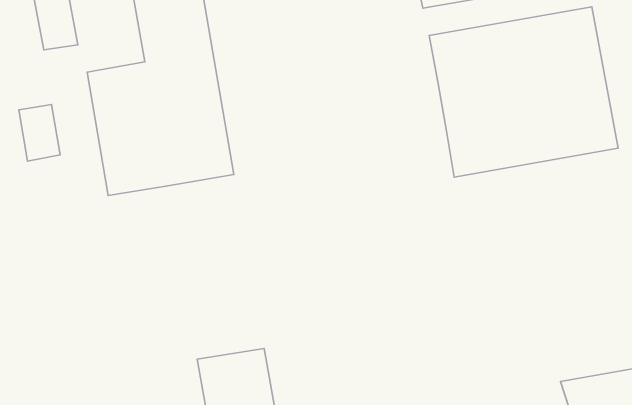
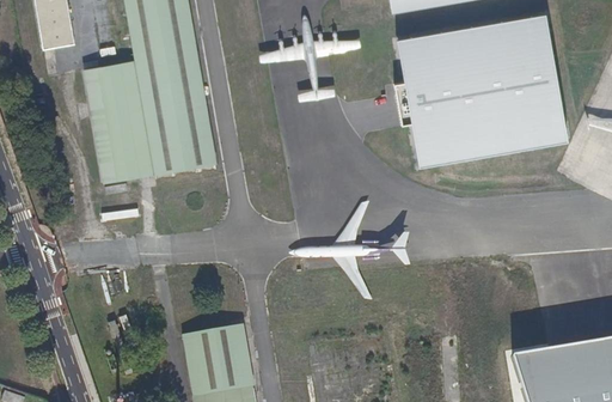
building: [19,104,60,161] -> none

